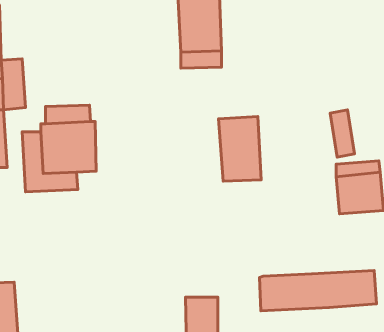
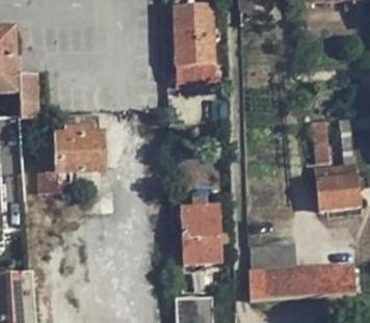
building: [218,116,261,181] -> [182,205,220,263]
building: none -> [250,242,295,267]

